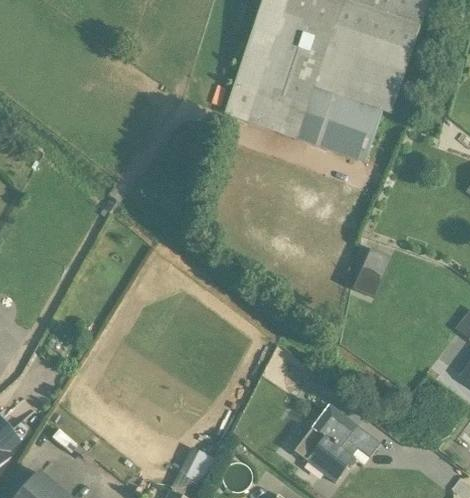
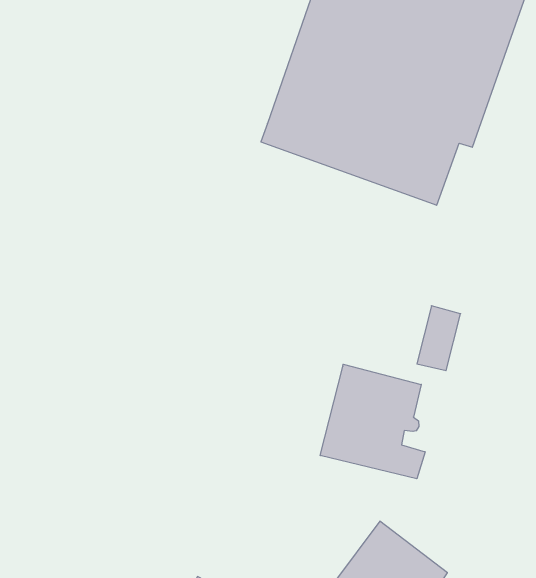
building: none -> [320,364,425,479]

